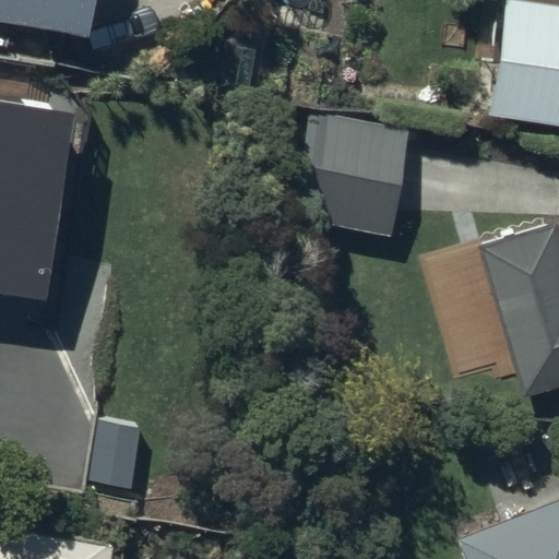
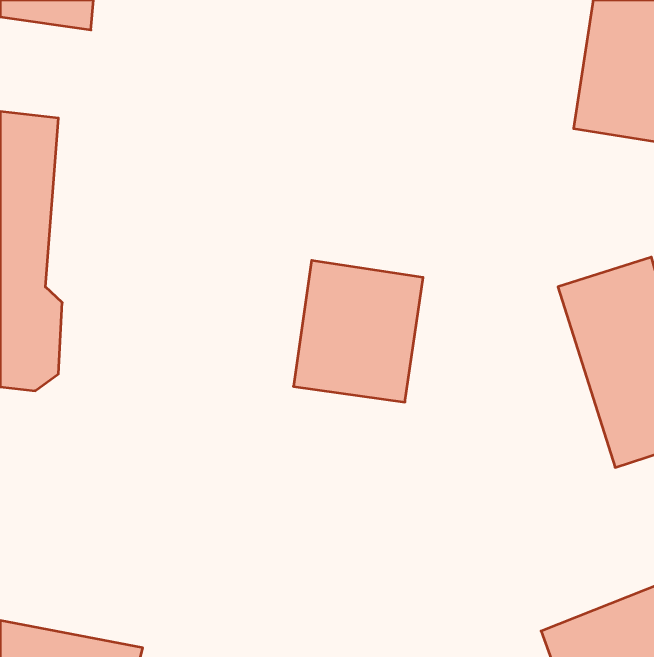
building: [300,115,409,234] -> [293,260,423,402]

